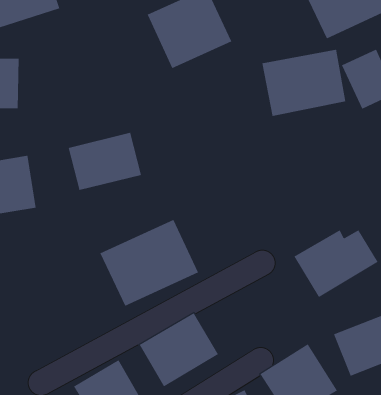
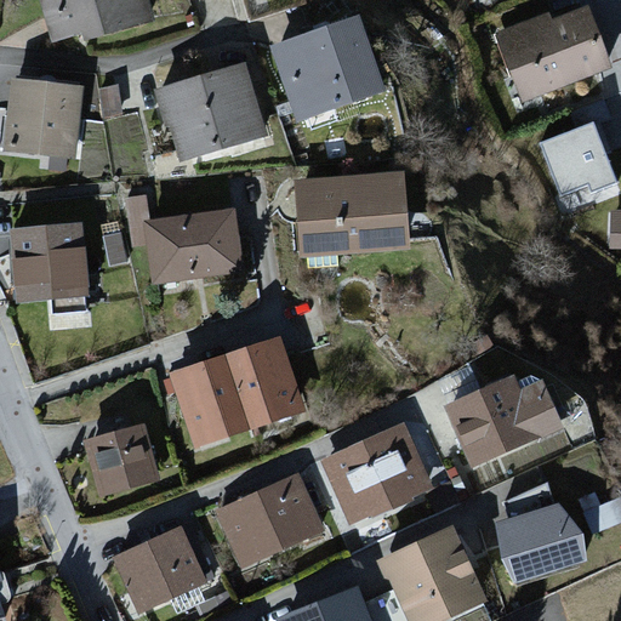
building: none -> [154,58,267,160]
building: [262,49,346,116] -> [296,170,410,256]
building: none -> [320,422,435,526]
building: none -> [82,427,159,495]

